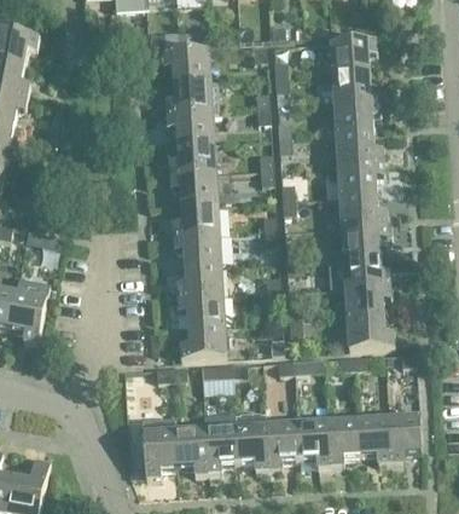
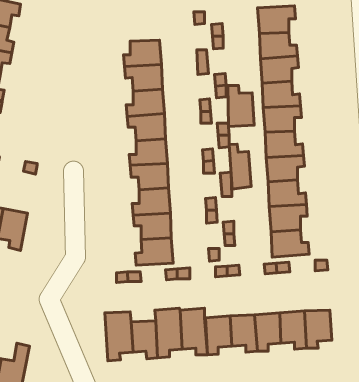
building: [163,50,210,82] -> none
building: none -> [228,85,254,127]
building: none -> [229,144,251,189]

